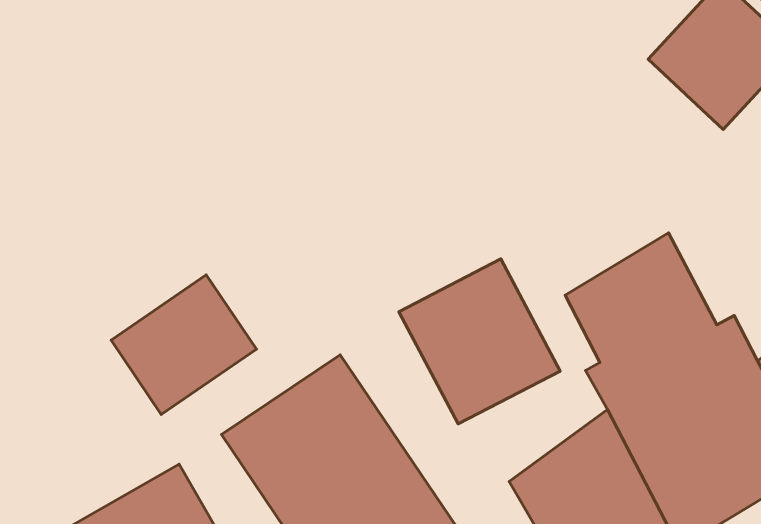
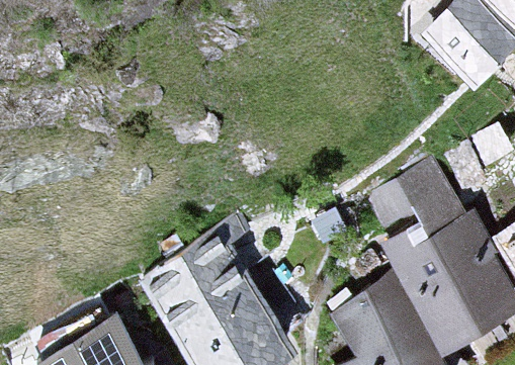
building: [399,259,560,424] -> none
building: [111,275,256,415] -> none

